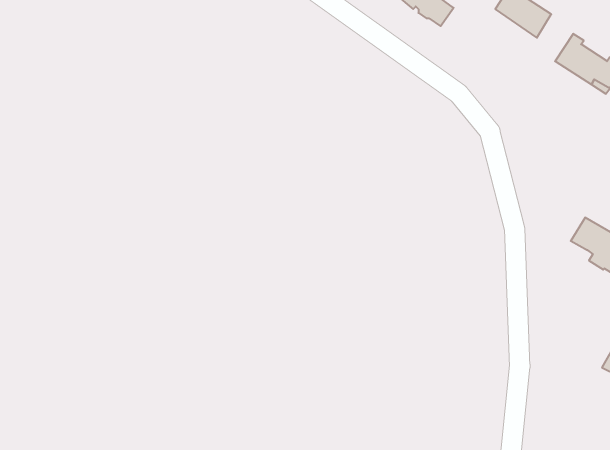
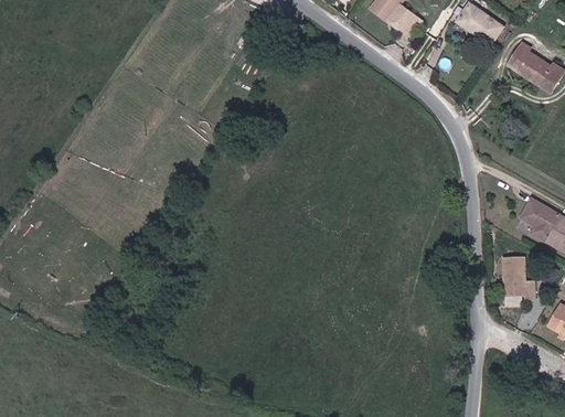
building: none -> [503,257,535,299]

